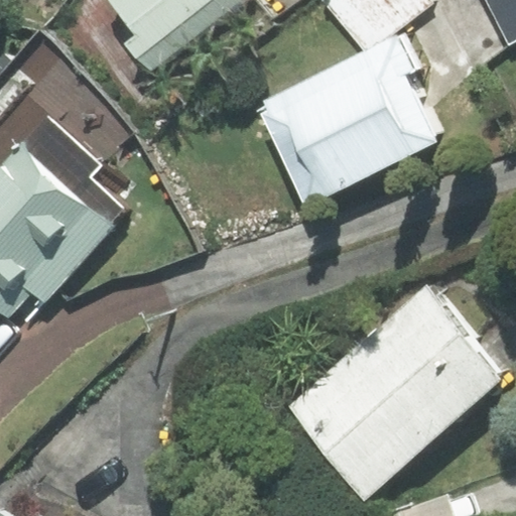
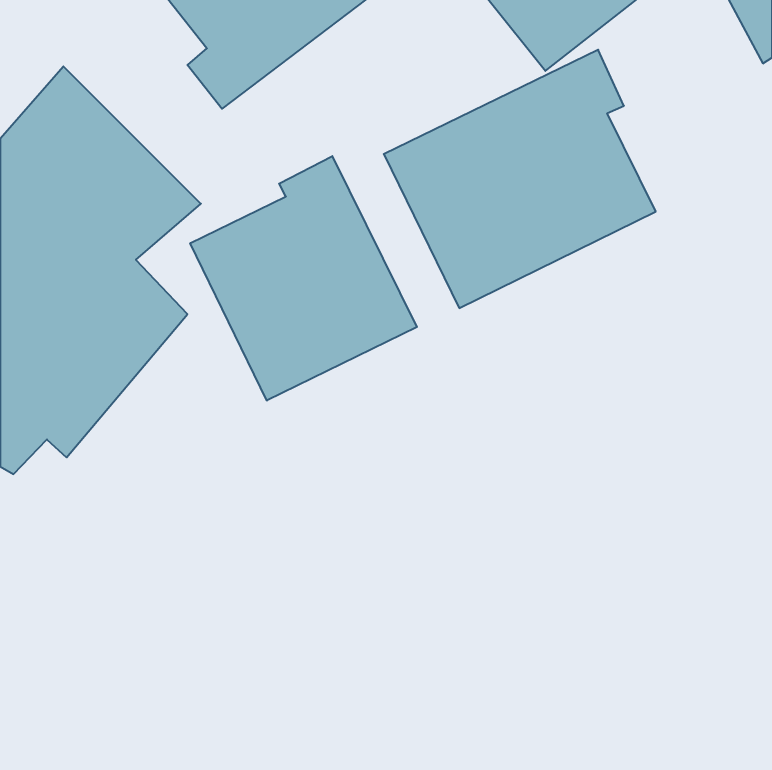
building: none -> [190,156,417,401]
building: [288,289,502,495] -> none

